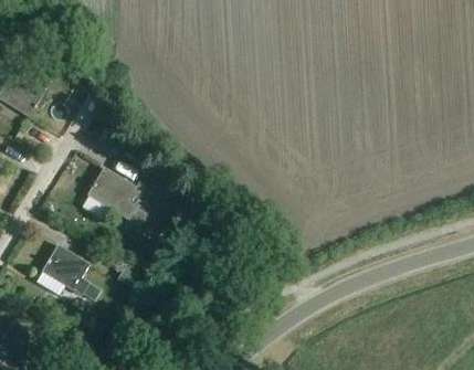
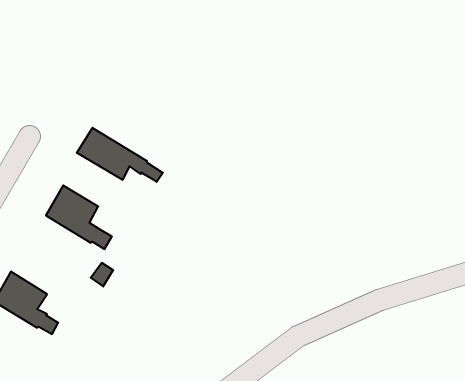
building: none -> [77,128,163,182]

